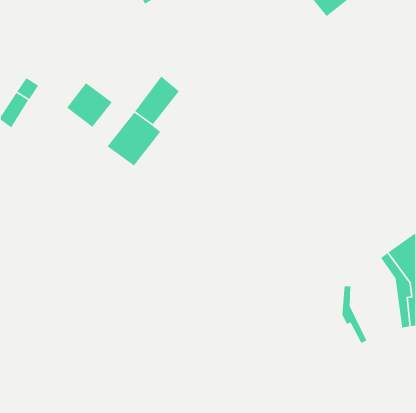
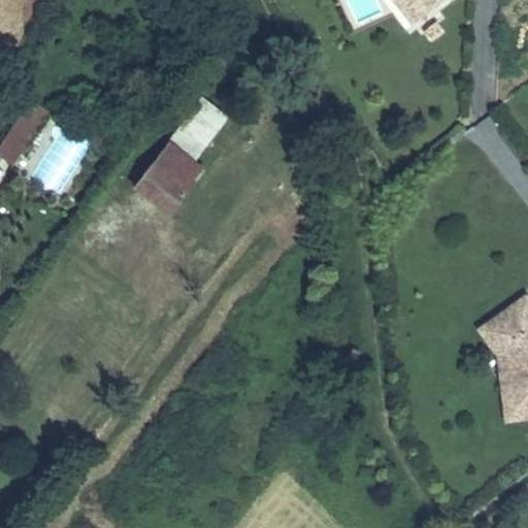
building: [66,82,113,128] -> none
building: [342,285,368,344] -> none

